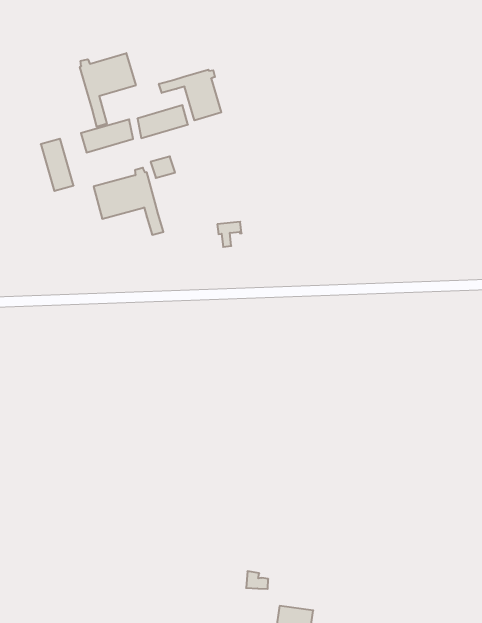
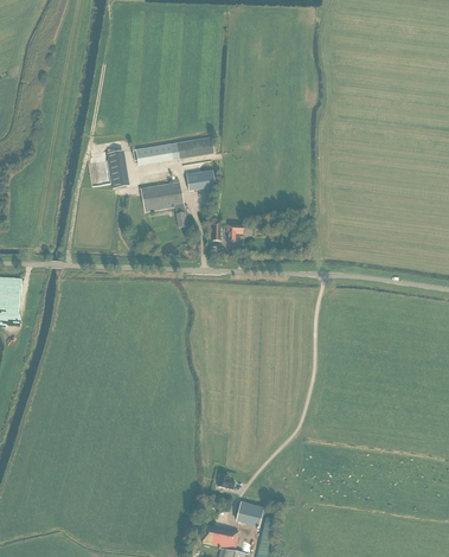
building: [80,53,136,127] -> none
building: [159,70,221,120] -> none

